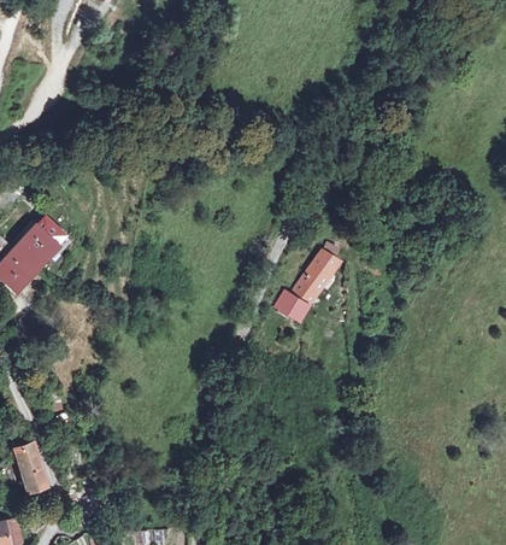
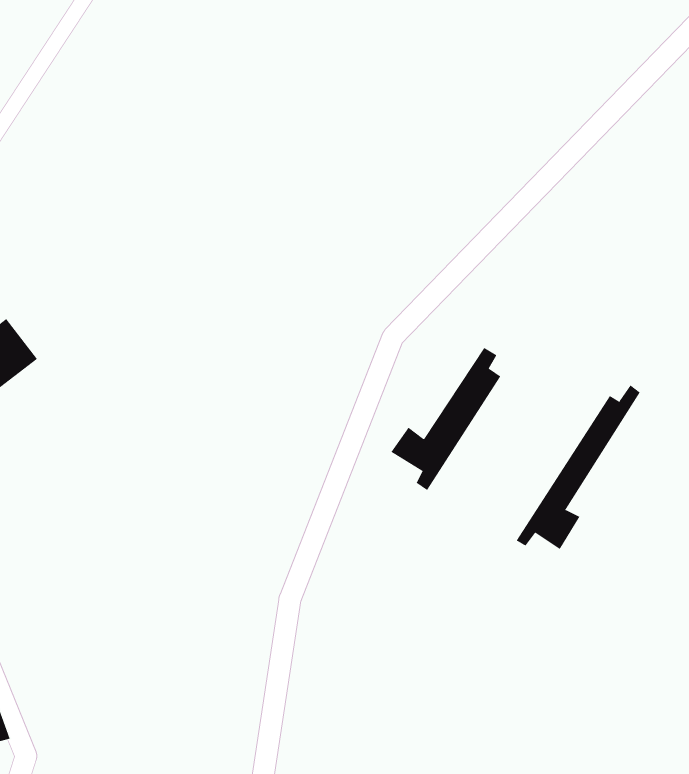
building: none -> [516,385,641,550]

